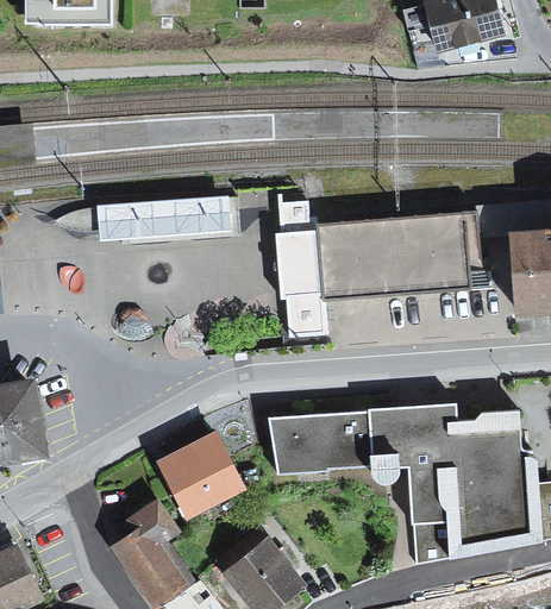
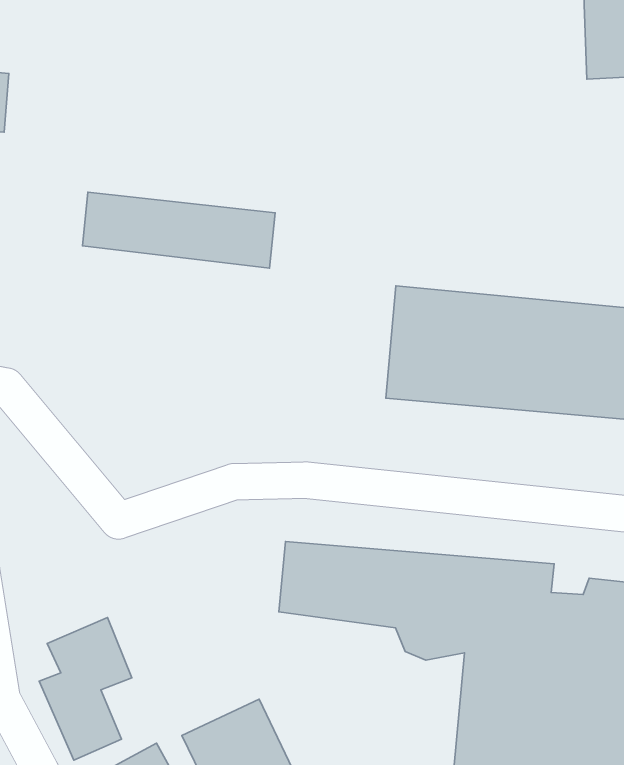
building: [273,226,327,339] -> none
building: [156,429,245,519] -> none

